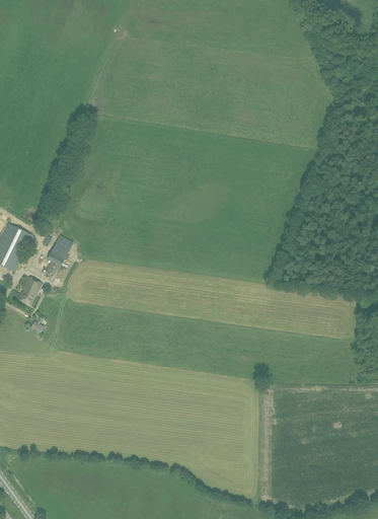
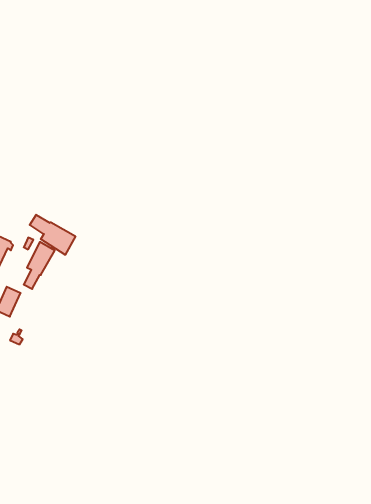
building: none -> [30,215,75,255]

